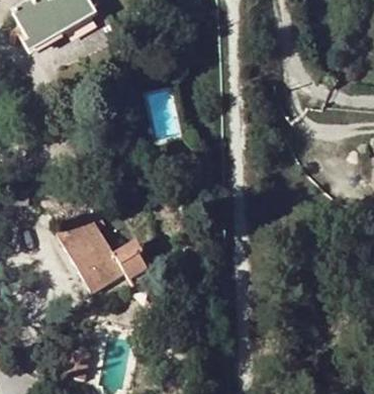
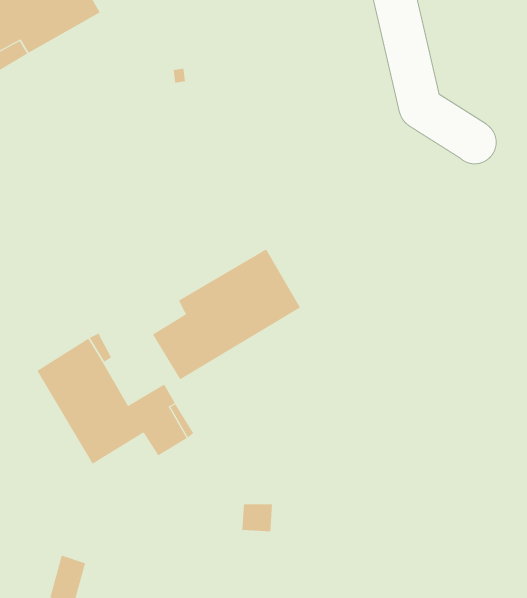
building: none -> [152,248,301,380]

